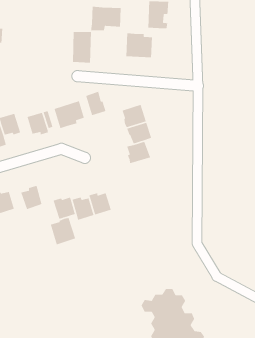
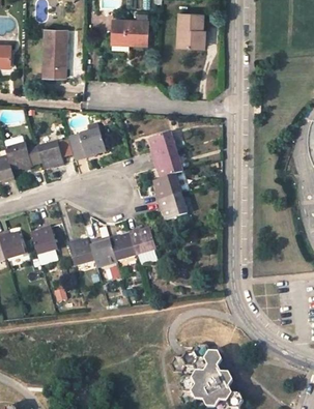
building: [72,31,92,63] -> [45,30,67,67]
building: [125,32,153,58] -> none
building: [85,91,107,116] -> none
building: none -> [158,195,188,221]
building: none -> [130,228,158,255]
building: [50,217,76,245] -> none

